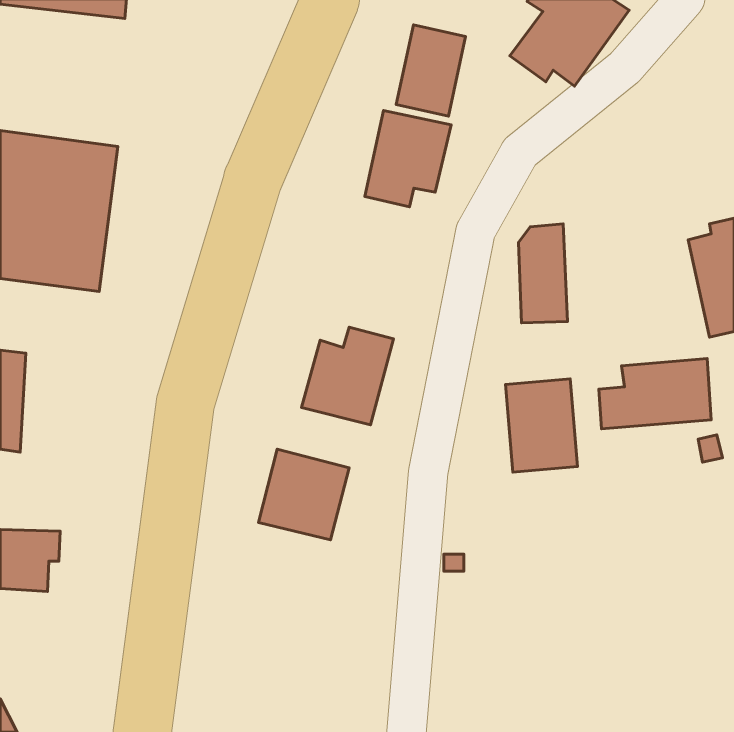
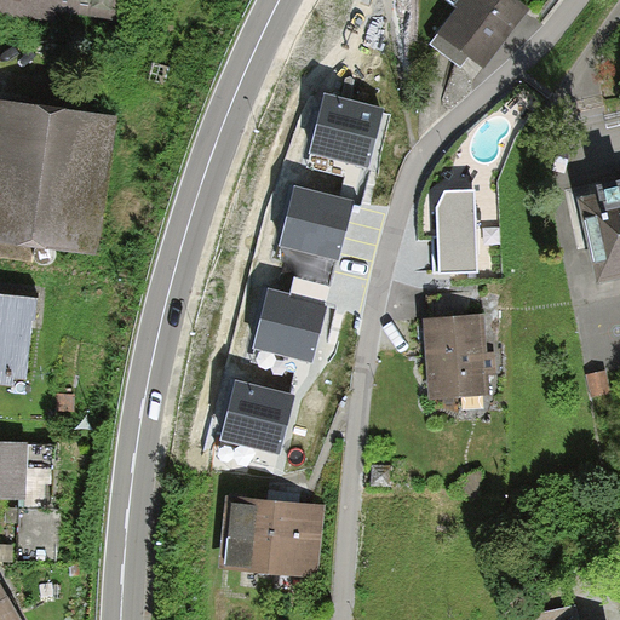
building: [396,25,466,116] -> none
building: none -> [279,184,355,260]
building: [599,358,711,429] -> none
building: none -> [220,495,326,576]

